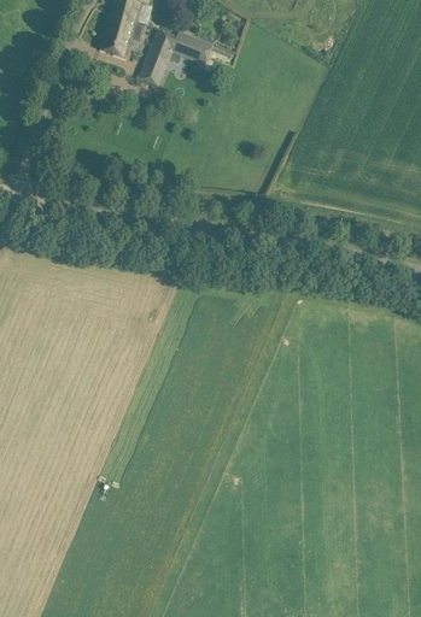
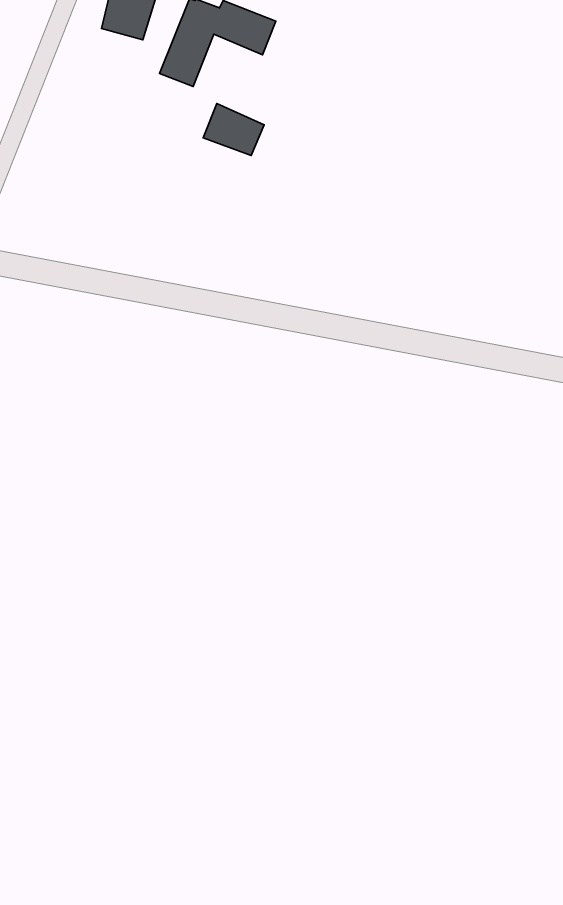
building: none -> [203,103,264,156]

